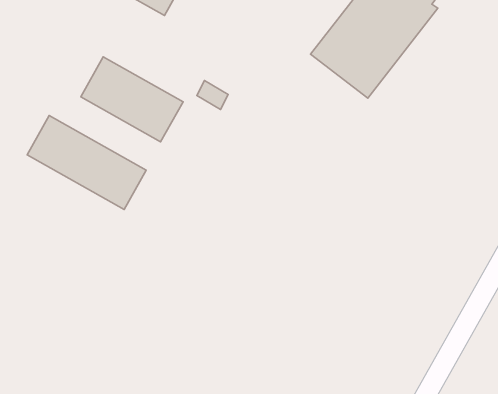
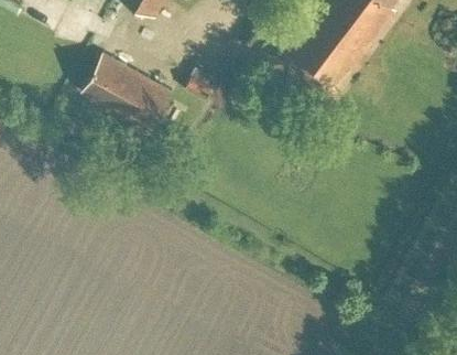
building: [27,115,146,210] -> none

